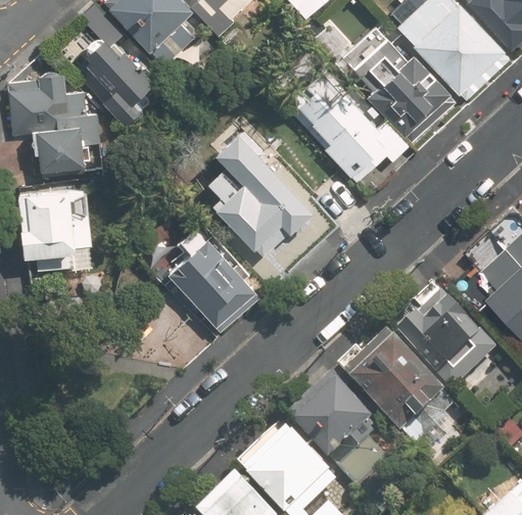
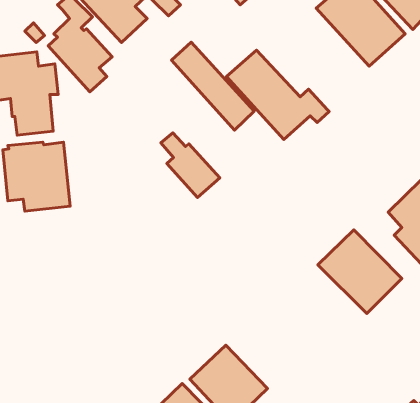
building: [351,37,457,144] -> none
building: [213,128,313,233] -> [171,42,254,130]
building: [167,237,257,330] -> none
building: [350,335,454,441] -> none
building: [290,376,377,486] -> none

